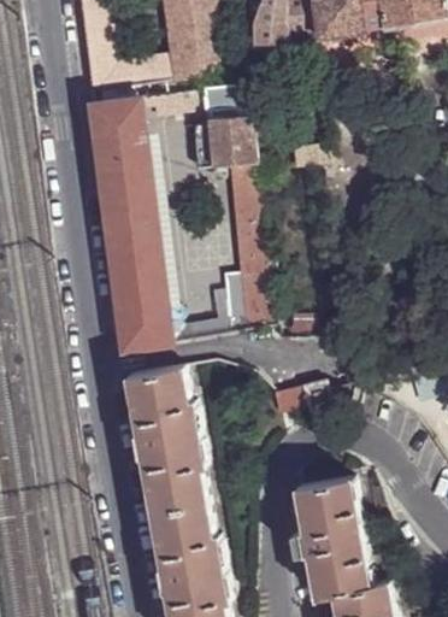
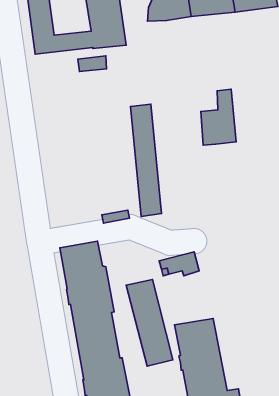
building: [205,86,257,168] -> [201,89,236,145]
building: [88,98,167,347] -> none
building: none -> [126,279,173,366]

